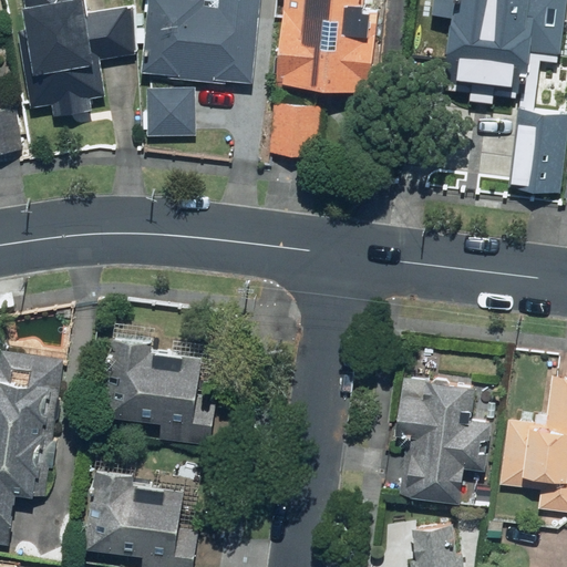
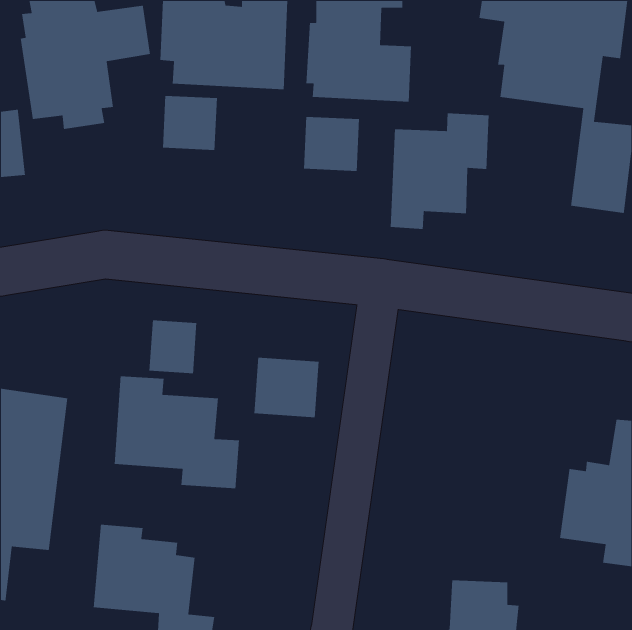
building: none -> [390,113,489,230]
building: none -> [149,319,197,374]
building: none -> [254,357,319,418]
building: [390,382,486,501] -> none

